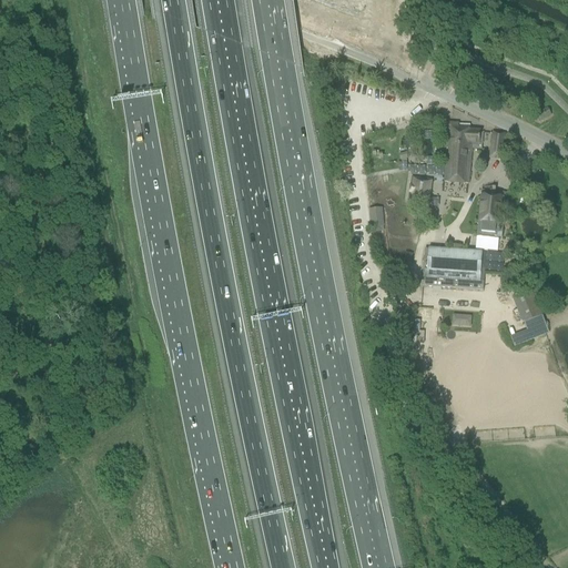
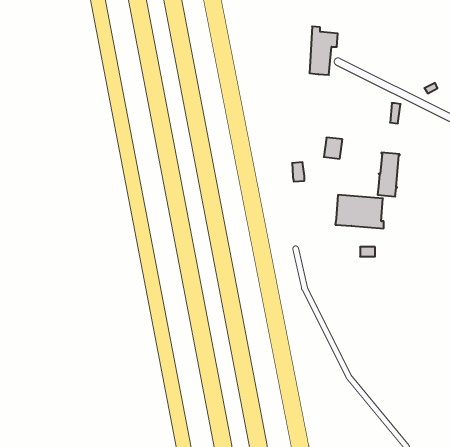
building: [445,120,480,181] -> [309,26,338,75]
building: [515,285,548,336] -> none

